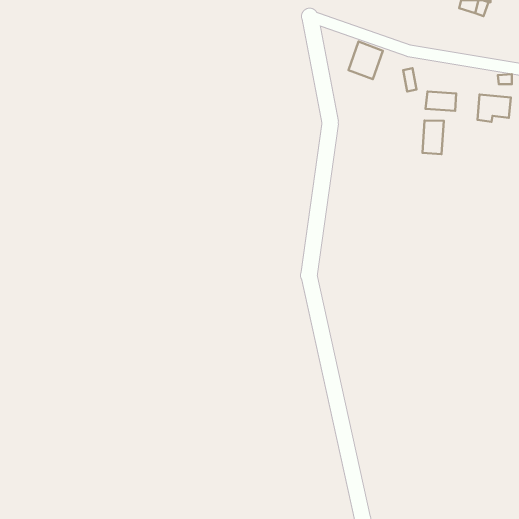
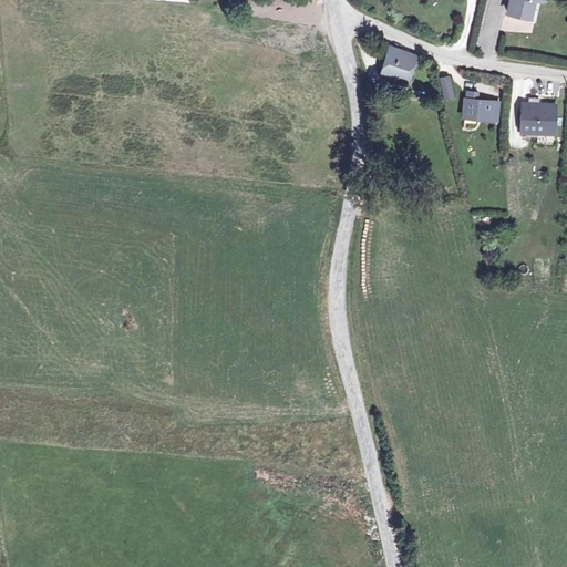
building: [422,121,444,154] -> none

